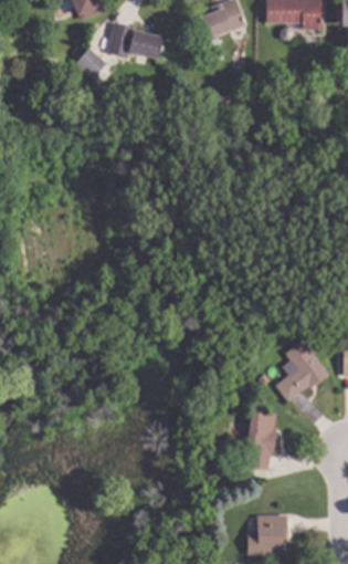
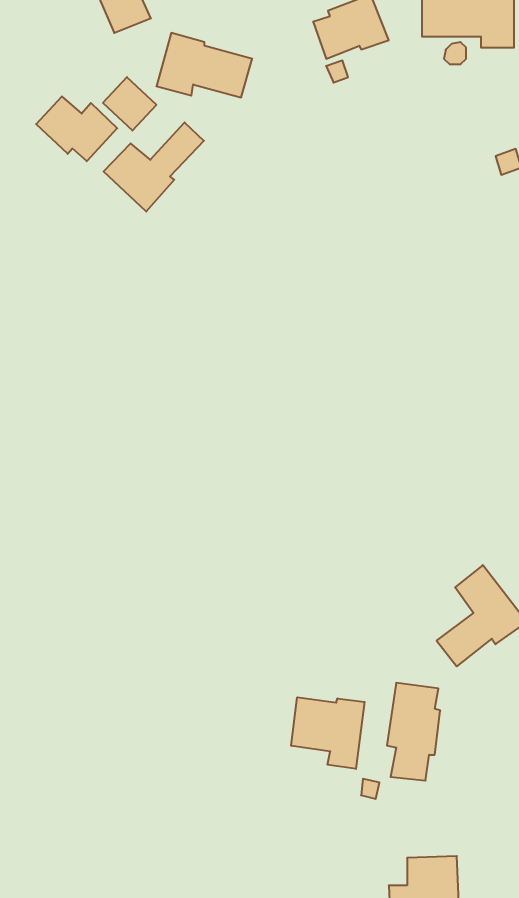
building: none -> [36,96,117,161]
building: none -> [104,122,204,212]
building: none -> [291,697,365,769]

